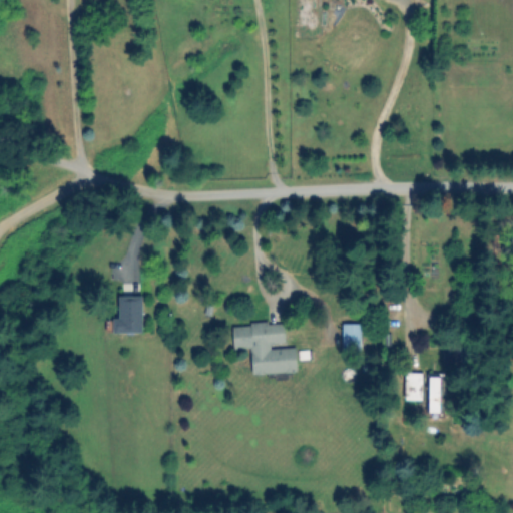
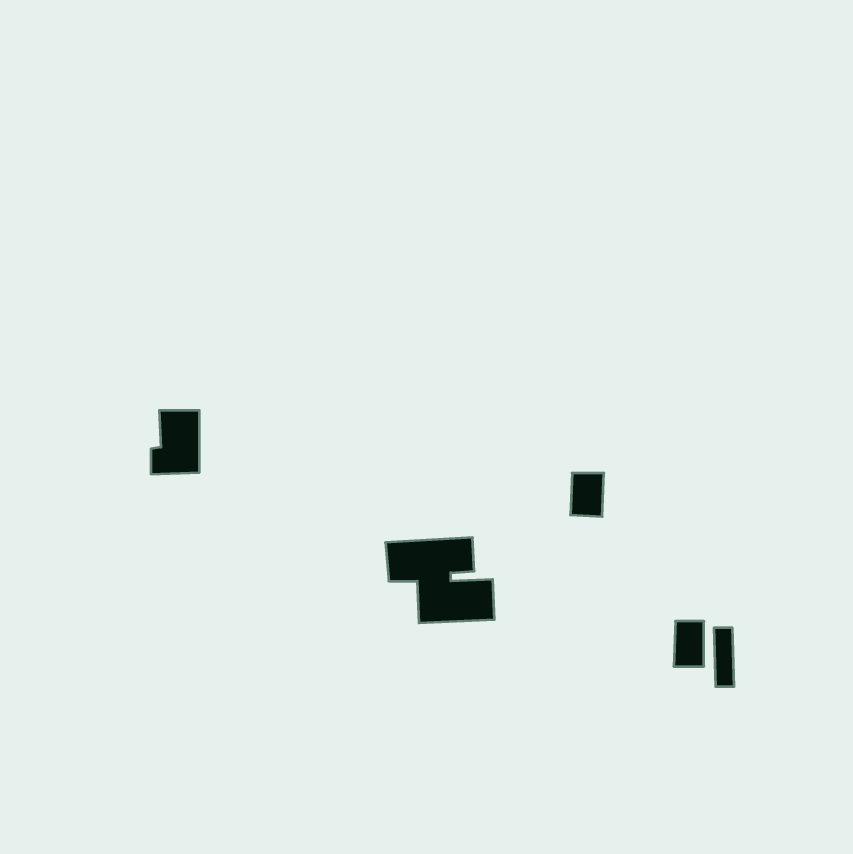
building: [114,296,143,334] -> [151,410,199,474]
building: [342,324,362,350] -> [570,473,604,517]

